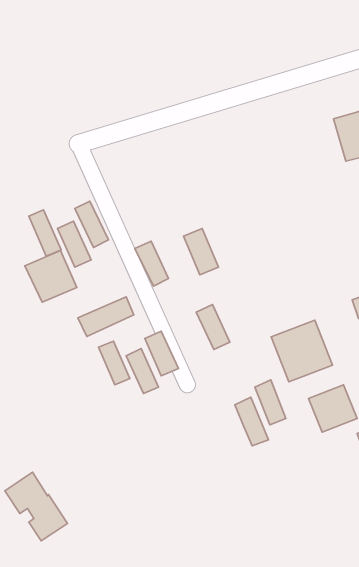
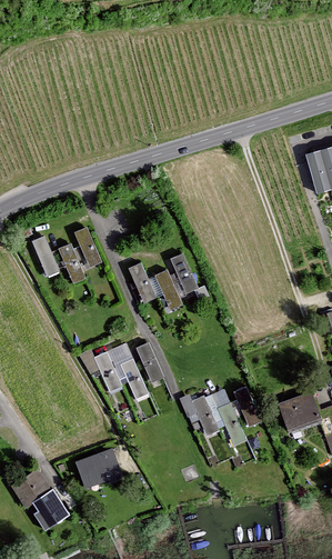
building: [25,250,77,302] -> none
building: [78,297,134,336] -> none
building: [196,305,230,349] -> [154,271,184,311]
building: [271,320,333,382] -> none
building: none -> [189,398,219,438]
building: none -> [77,445,123,486]

